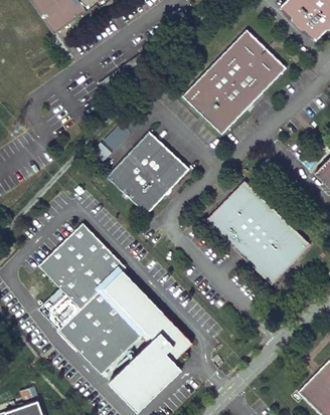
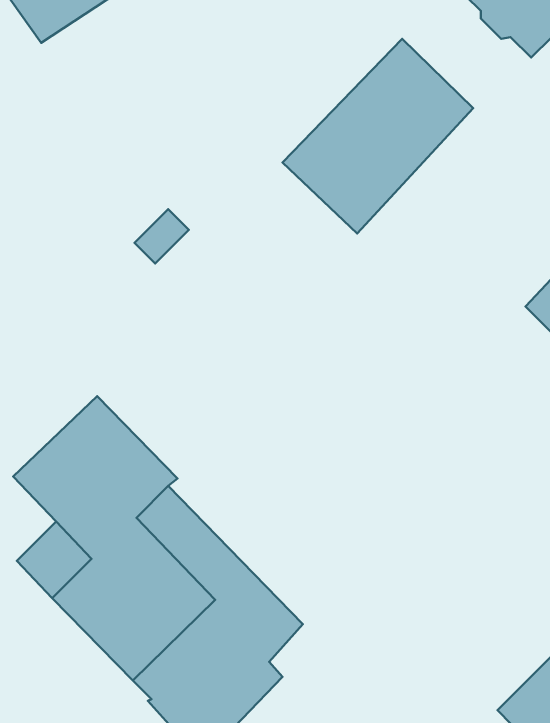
building: [106,132,187,214] -> none
building: [205,179,312,283] -> none

